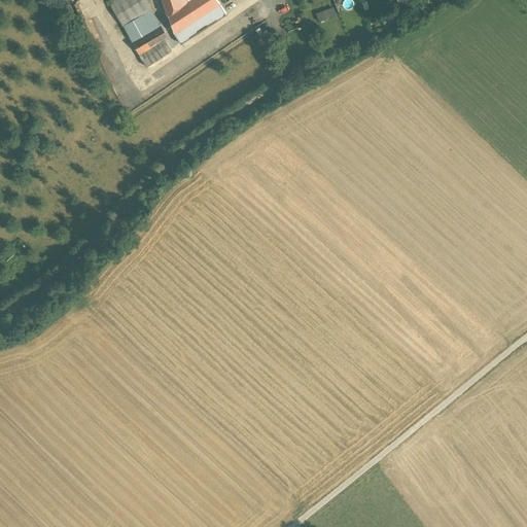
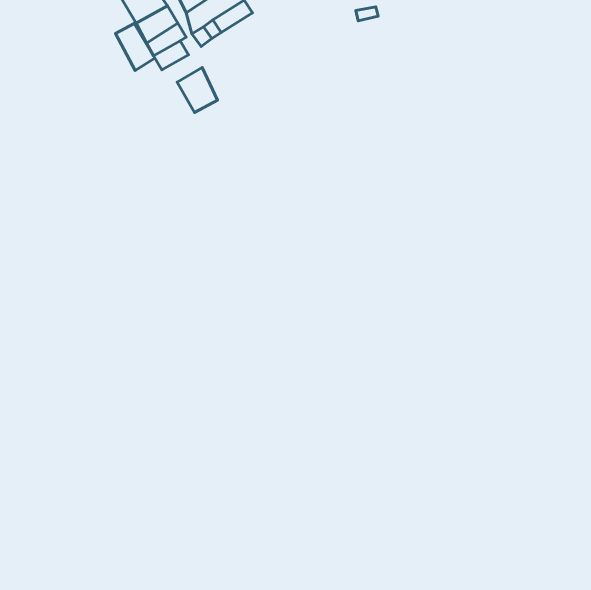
building: none -> [116,23,155,70]
building: none -> [177,68,218,113]

